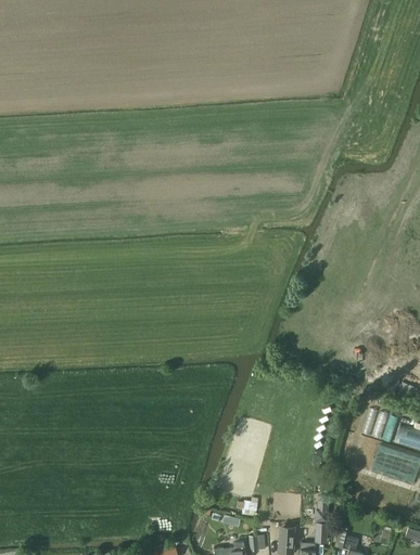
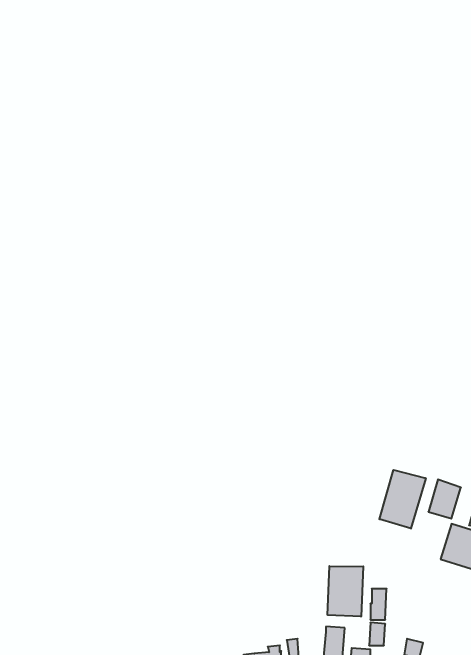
building: none -> [379,470,426,529]
building: none -> [328,566,363,617]

